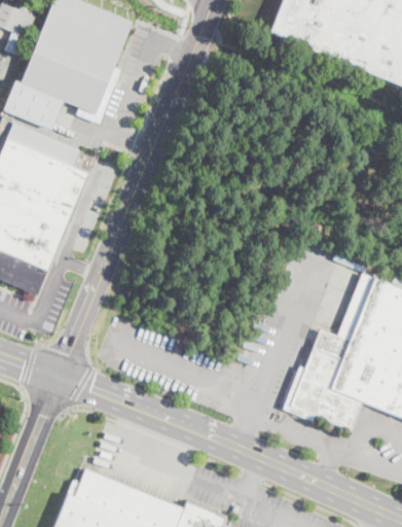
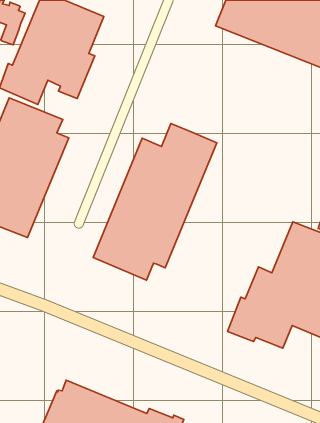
building: none -> [93,123,217,280]

